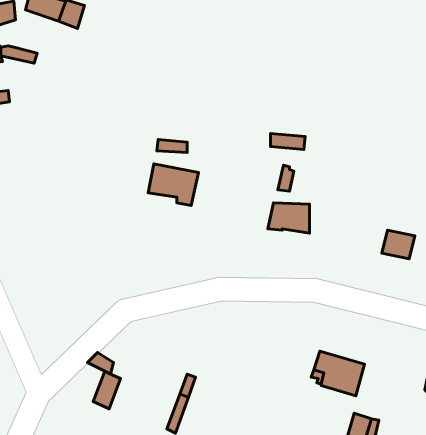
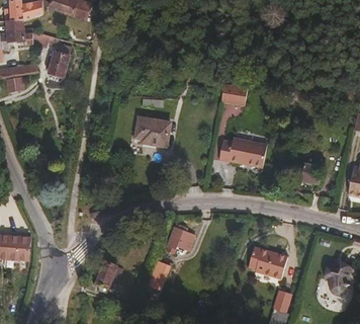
building: none -> [50,44,71,77]
building: none -> [223,139,267,166]
building: none -> [168,225,196,253]

